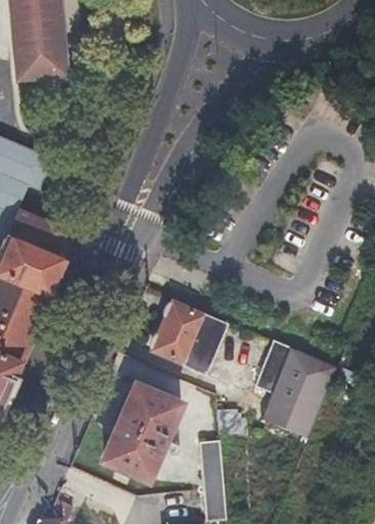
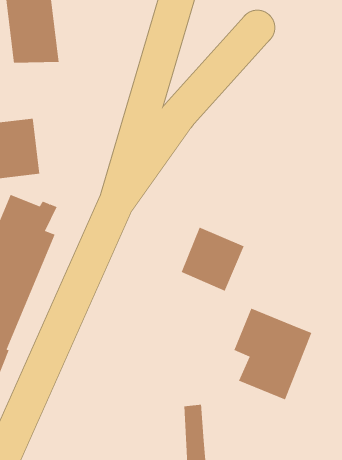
building: [153,303,220,371] -> [181,227,244,291]
building: [107,388,181,481] -> none

